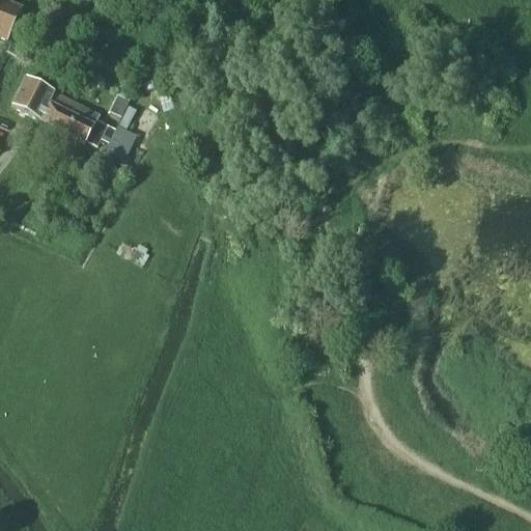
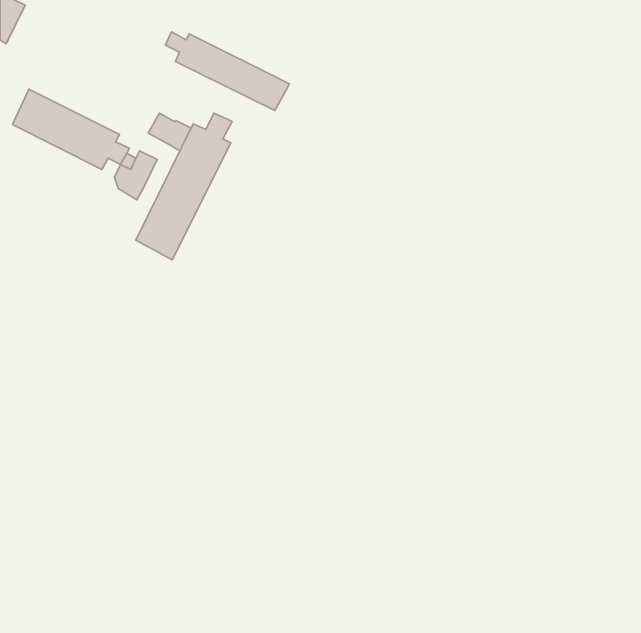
building: none -> [165,32,289,111]
building: none -> [136,113,232,260]

